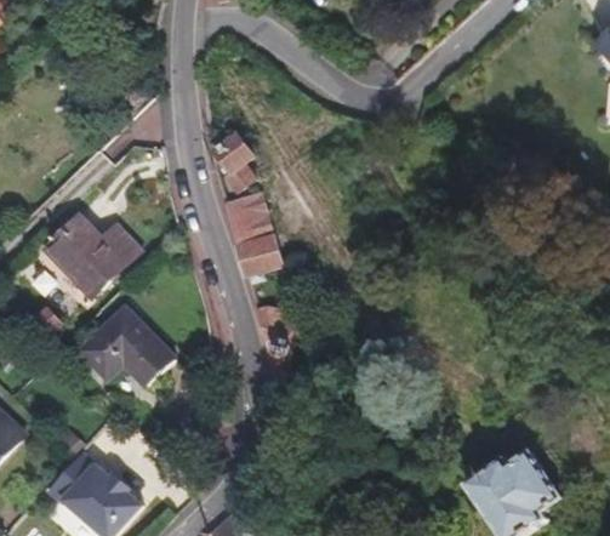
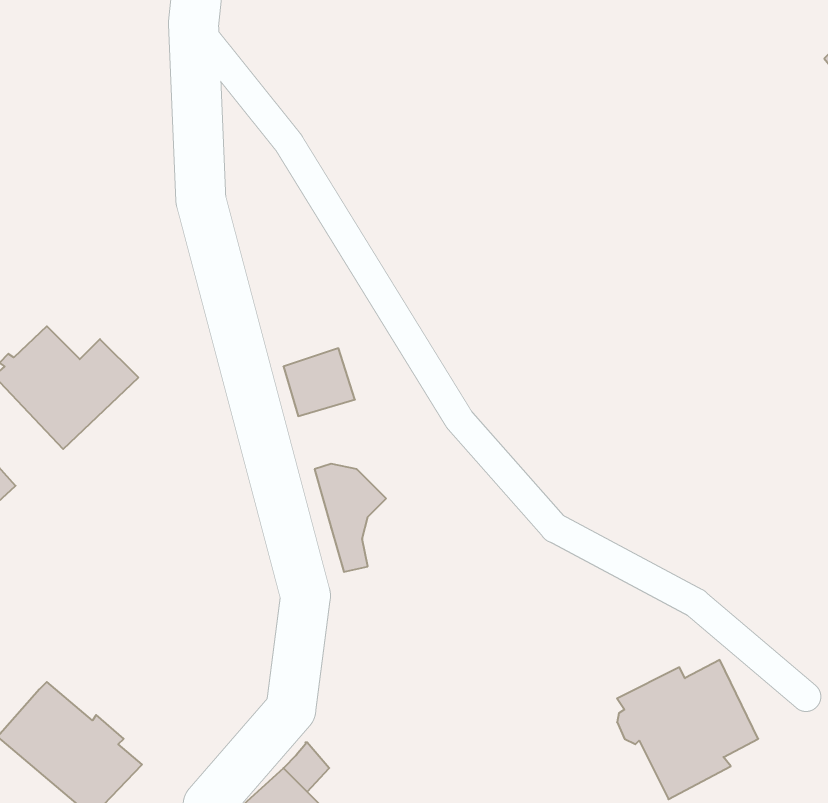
building: [210,135,255,193] -> none
building: [224,193,273,244] -> none
building: [80,309,175,388] -> none

